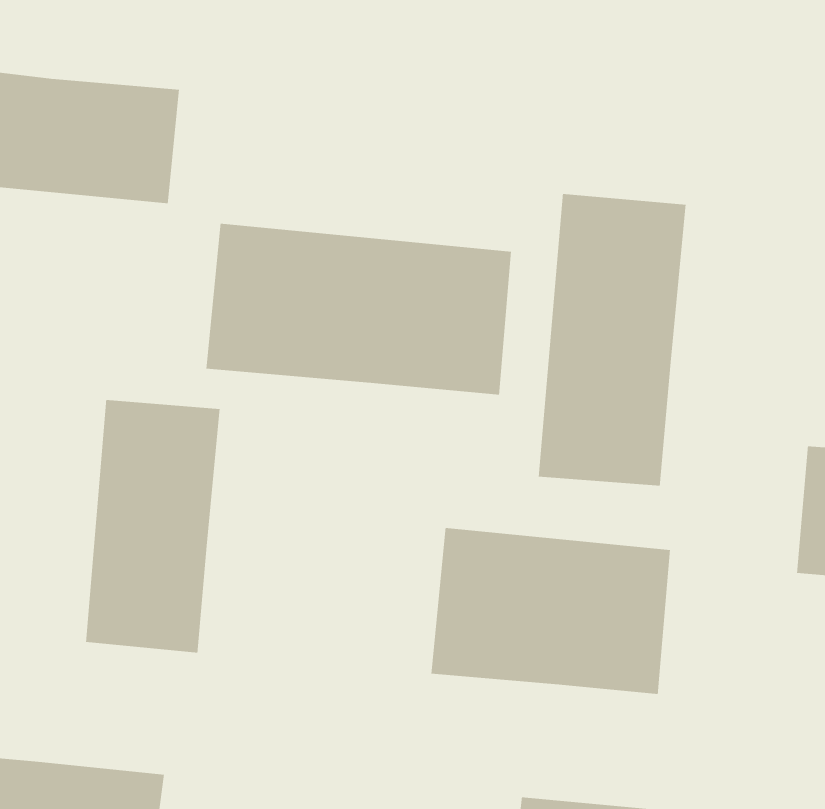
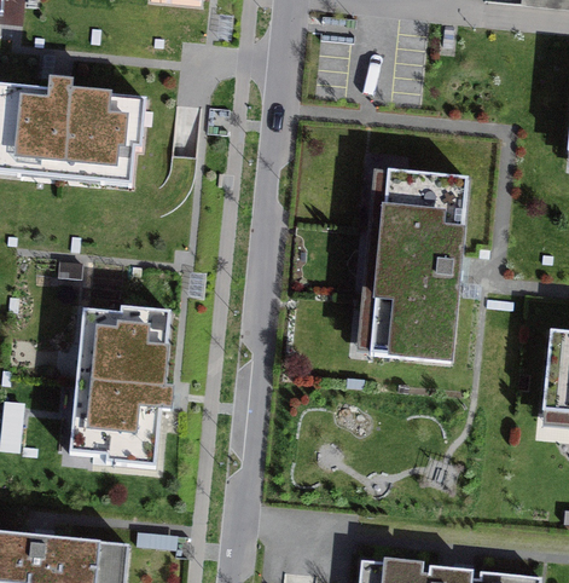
building: [205,223,512,396] -> none
building: [431,527,671,695] -> none

